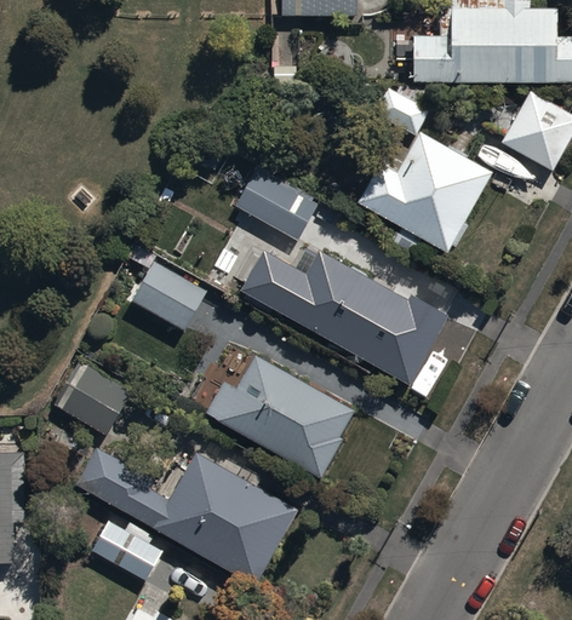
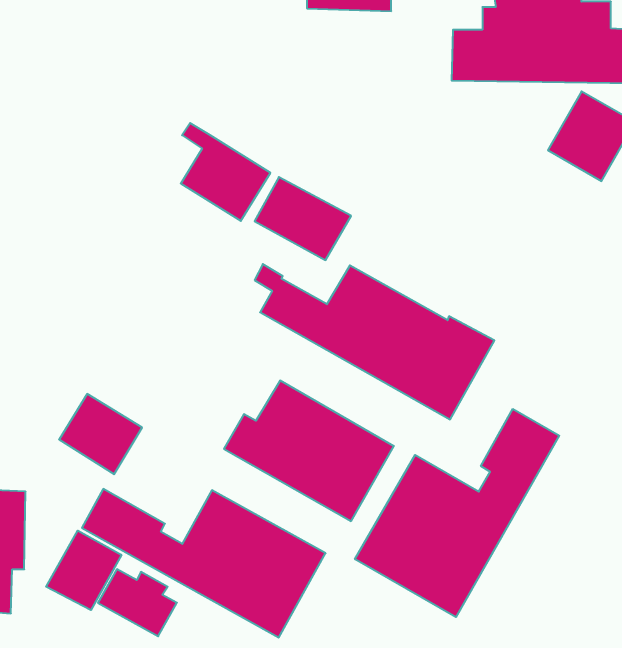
building: [358,88,492,249] -> none
building: [127,246,208,334] -> [181,123,270,221]
building: none -> [355,409,559,617]
building: none -> [46,531,121,610]

